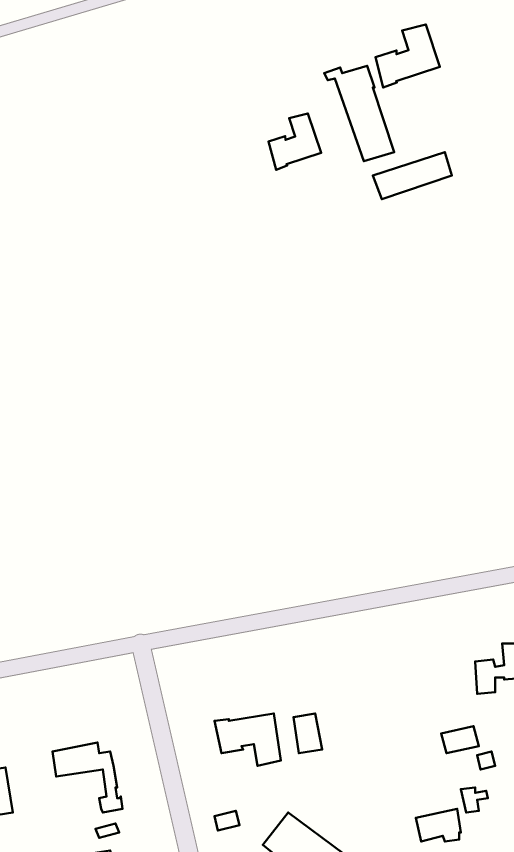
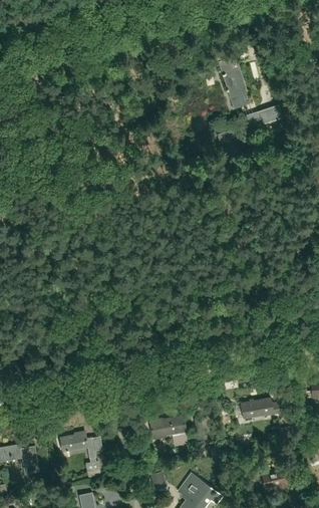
building: [375,24,440,88] -> none
building: [269,113,321,170] -> none
building: none -> [242,400,280,419]

